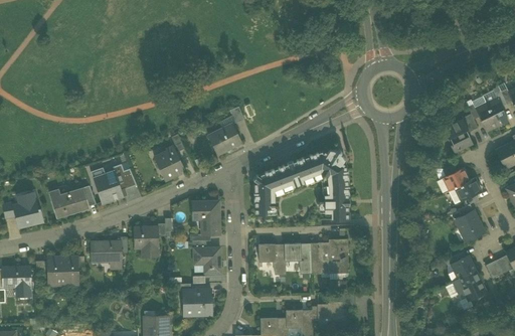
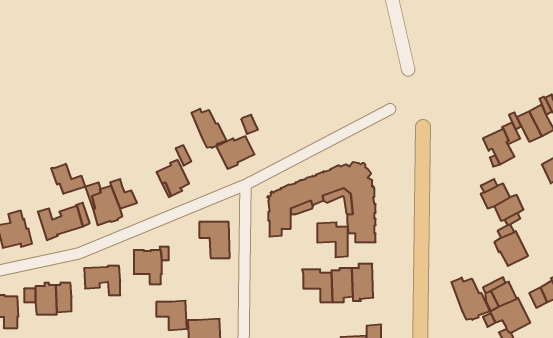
building: none -> [192,109,226,148]
building: none -> [51,164,85,194]
building: [258,244,285,276] -> [317,222,348,257]
building: [193,247,220,274] -> [156,301,187,330]
building: none -> [451,277,490,320]

